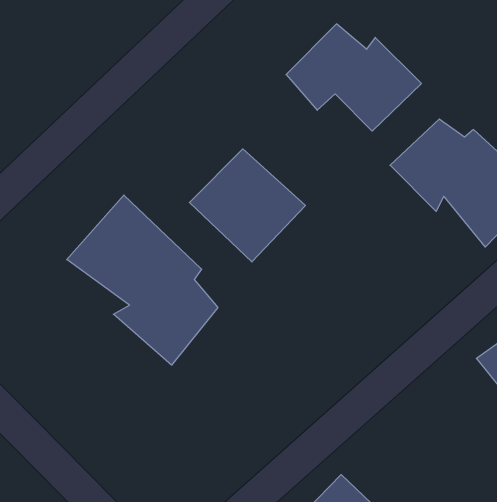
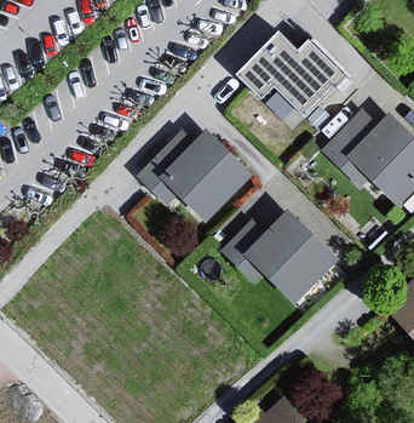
building: [67,195,218,365] -> none
building: none -> [224,207,344,308]

